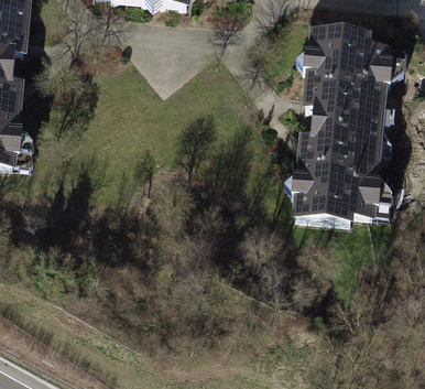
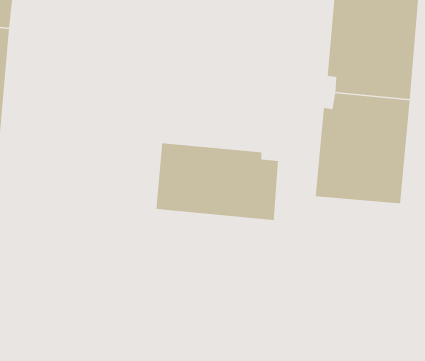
building: none -> [155,142,279,221]

